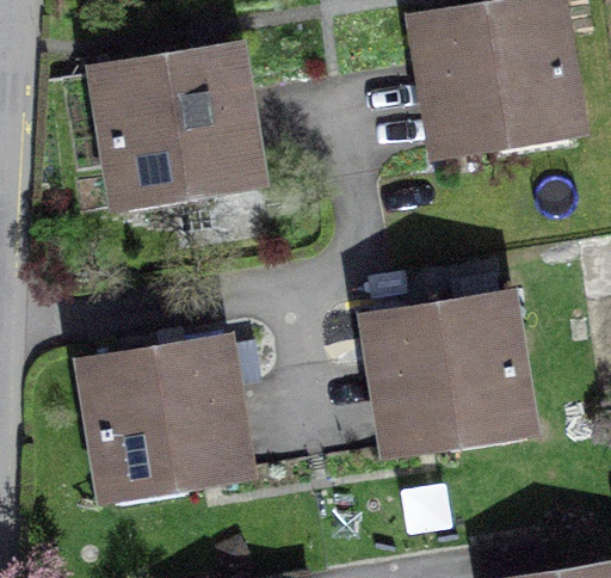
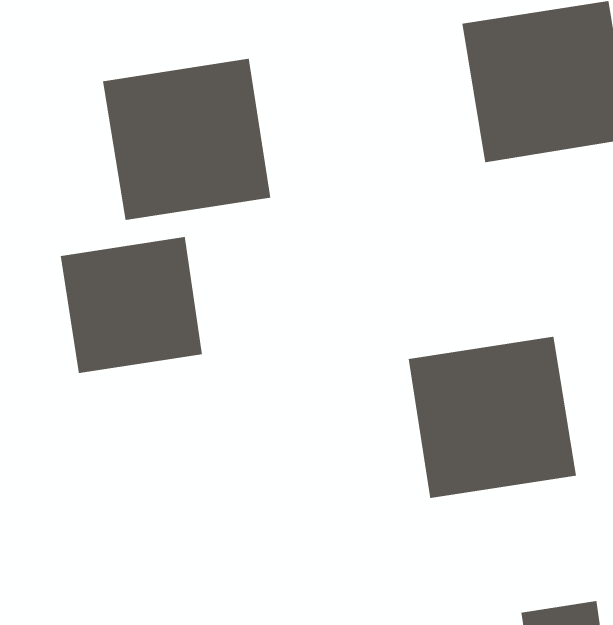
building: none -> [60,236,202,374]
building: [91,348,242,493] -> none

